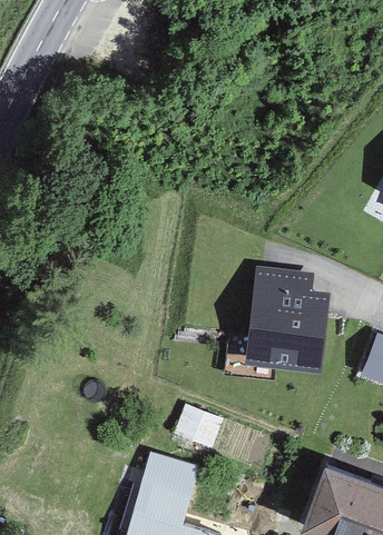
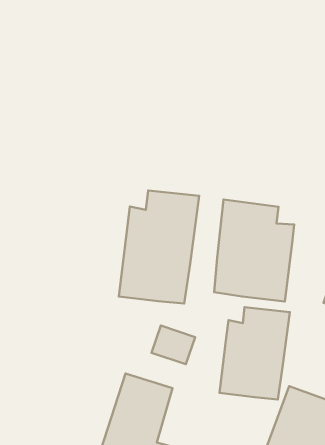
building: none -> [119,190,199,304]
building: none -> [220,307,290,399]

